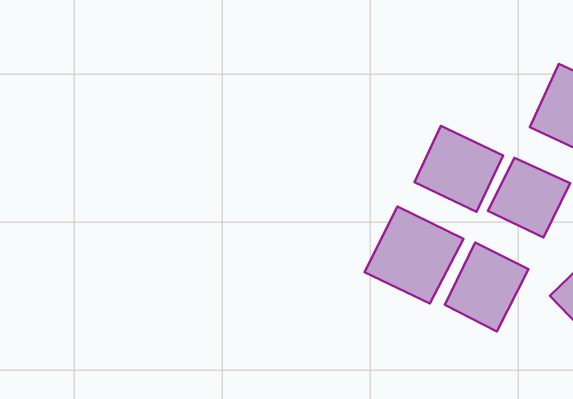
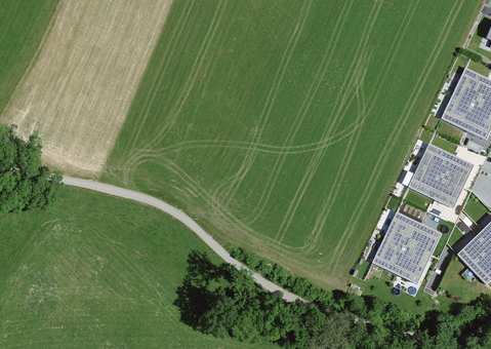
building: [414,126,503,212] -> none
building: [365,207,464,303] -> none

